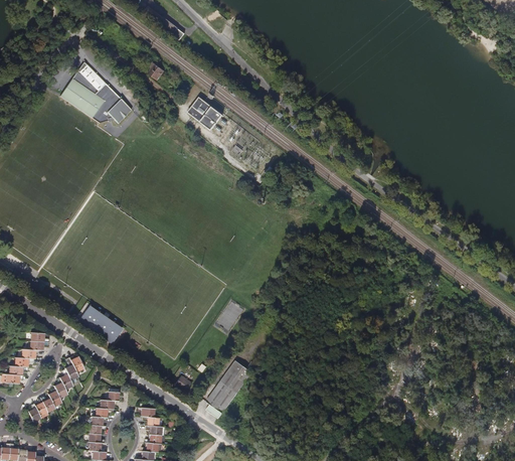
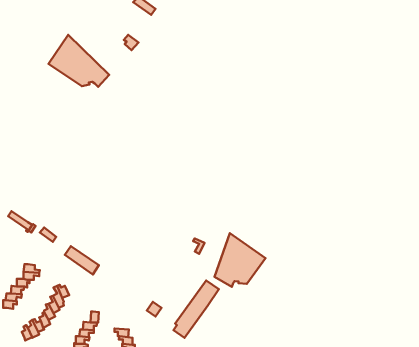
building: [188,97,223,130] -> none
building: none -> [215,233,265,287]

